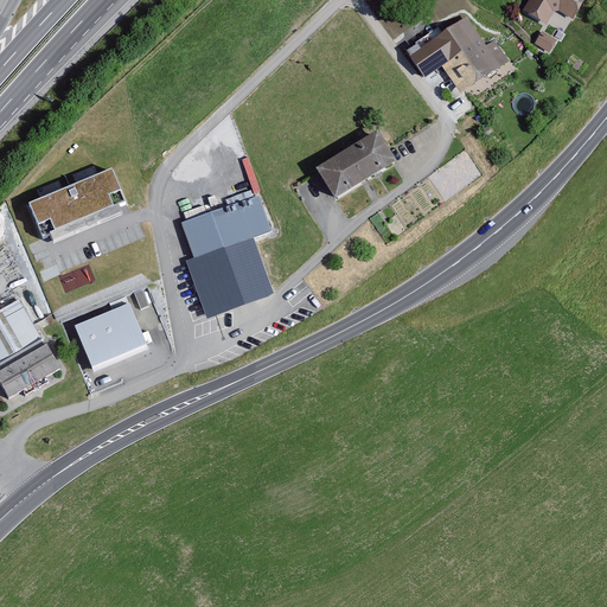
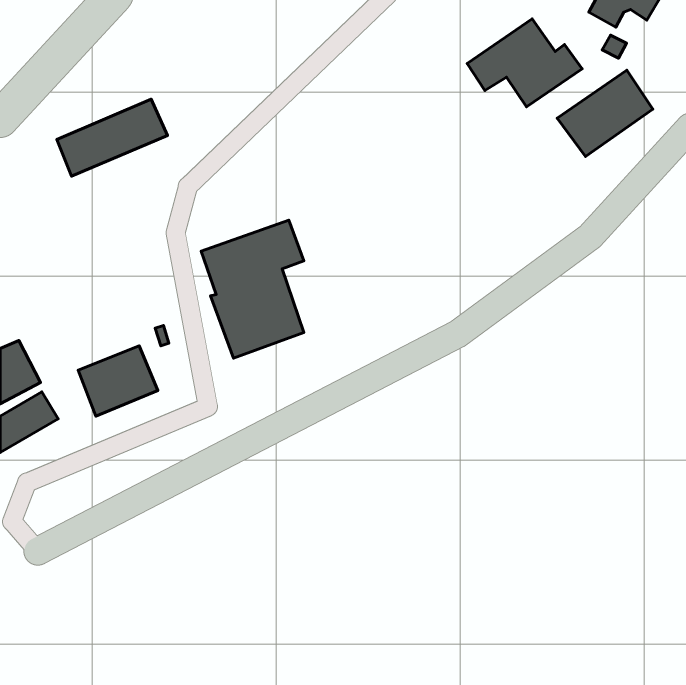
building: none -> [557,70,653,156]
building: [311,130,391,198] -> none
building: [31,172,128,239] -> [57,99,167,176]

